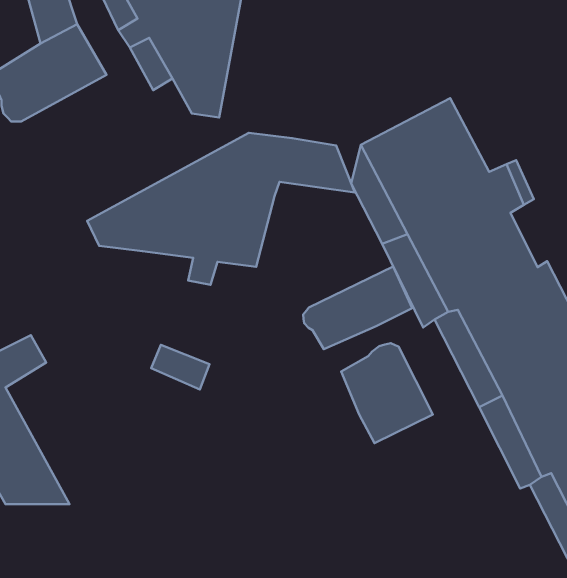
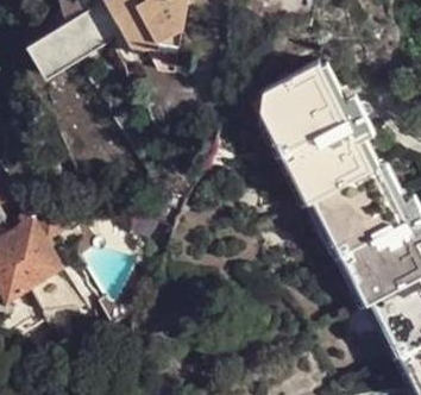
building: [87,133,355,285] -> none
building: [303,266,412,349] -> none
building: [341,343,433,443] -> none

